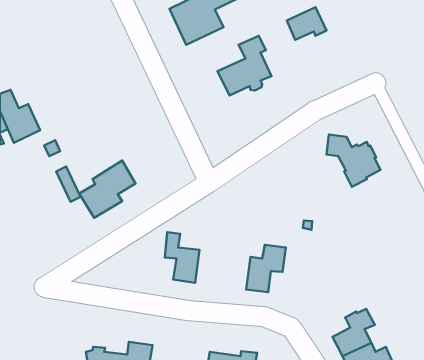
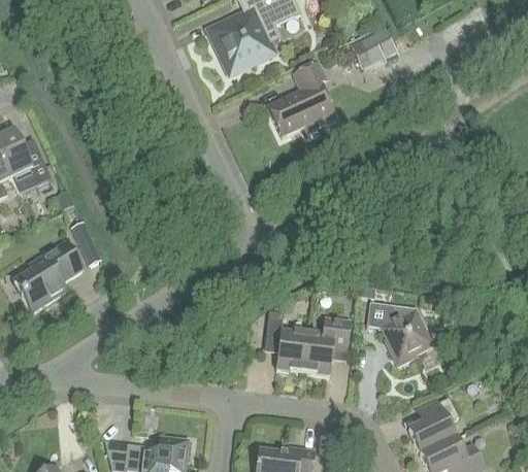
building: [326,134,380,187] -> [366,301,432,365]
building: [79,161,136,218] -> [13,240,82,310]
building: [165,232,199,283] -> [265,310,307,372]

